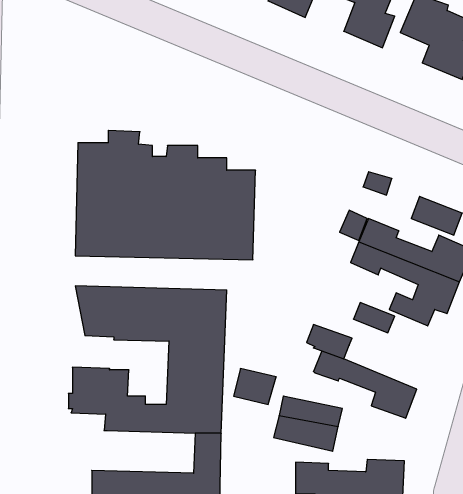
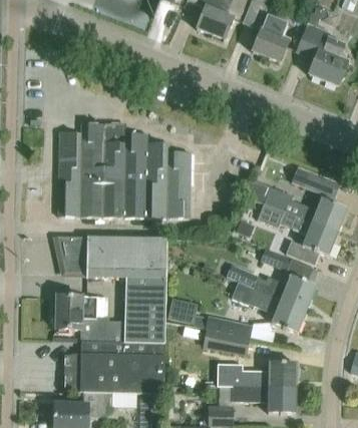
building: none -> [254,277,316,311]
building: none -> [70,341,145,372]

